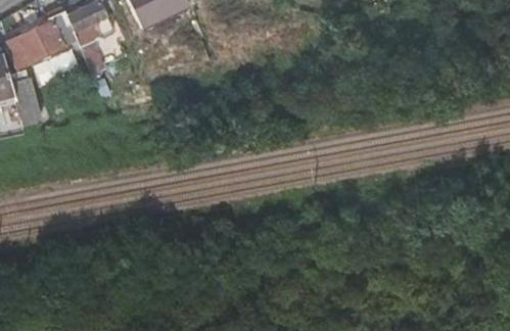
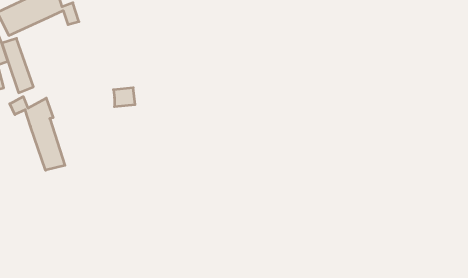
building: none -> [10,97,65,170]

